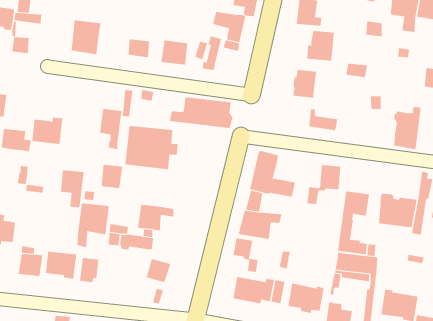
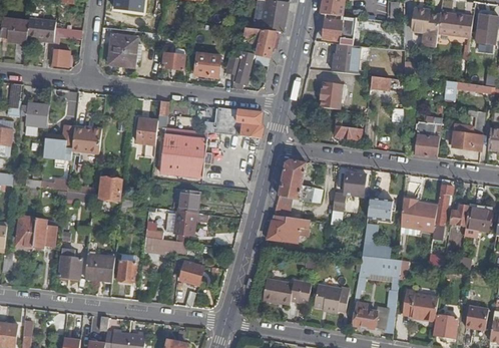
building: [101,164,123,189] -> [177,189,198,212]
building: [77,203,109,248] -> none
building: [233,238,258,273] -> none

